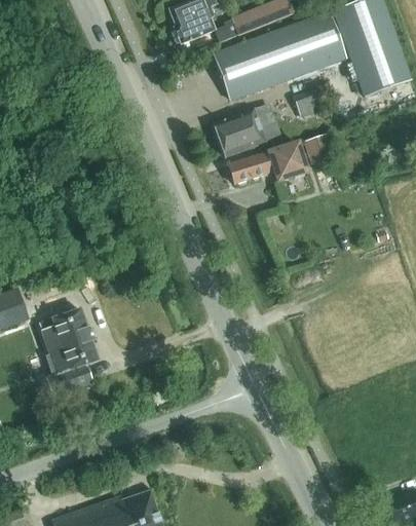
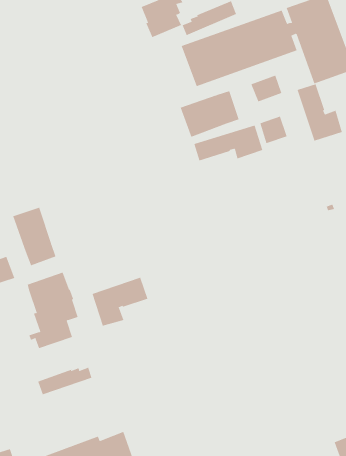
building: none -> [297,83,342,142]
building: none -> [13,207,56,266]
building: none -> [92,277,148,326]
building: none -> [38,367,92,395]

